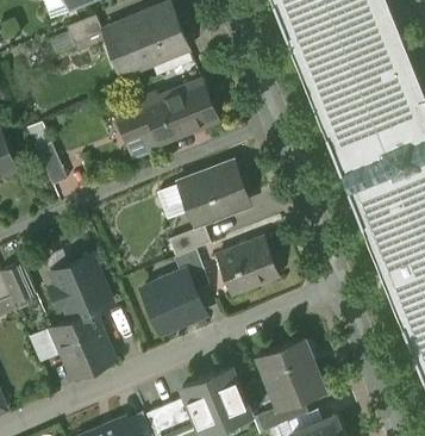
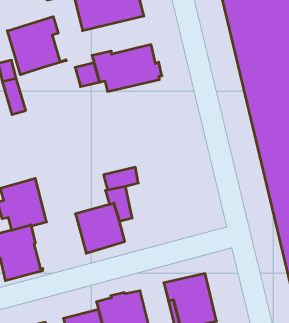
building: none -> [7,17,66,75]
building: [182,163,246,223] -> none
building: [217,237,279,294] -> none

